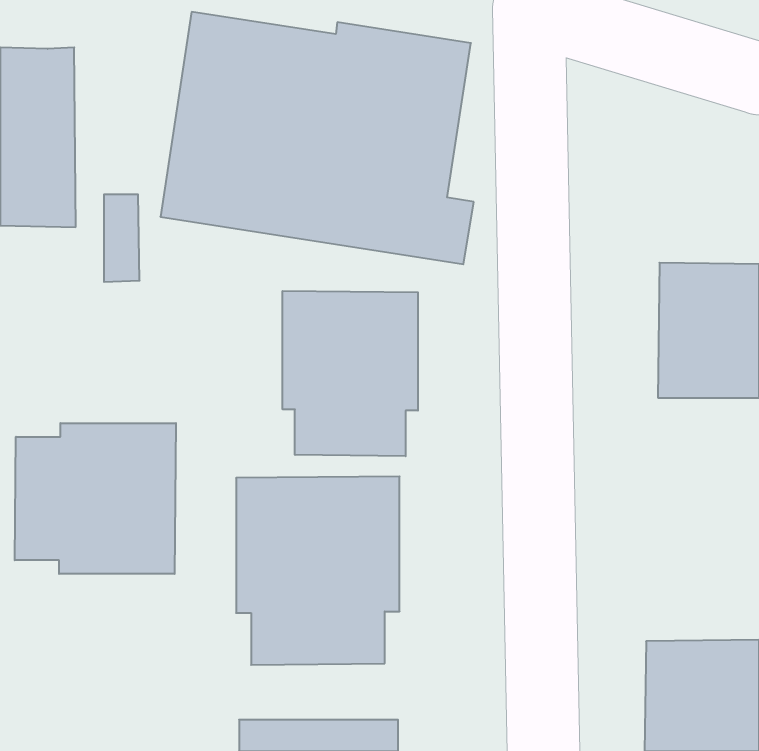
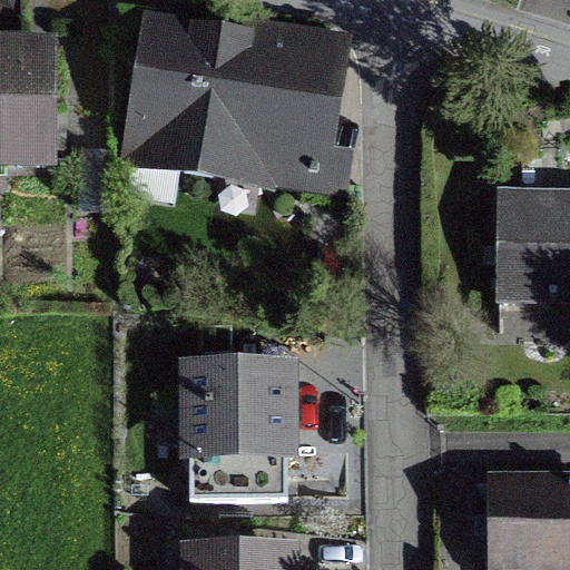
building: [283,291,418,456] -> none
building: [15,423,176,574] -> none

